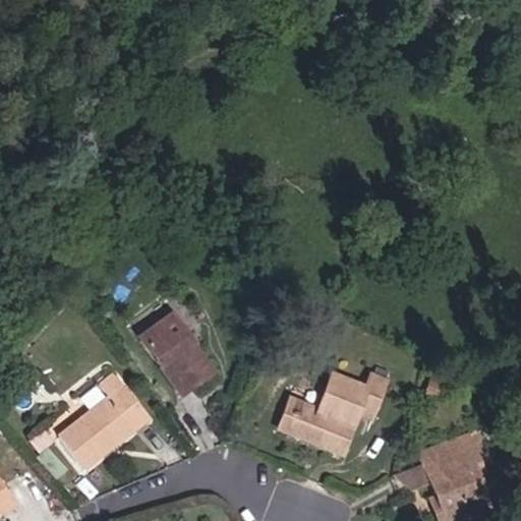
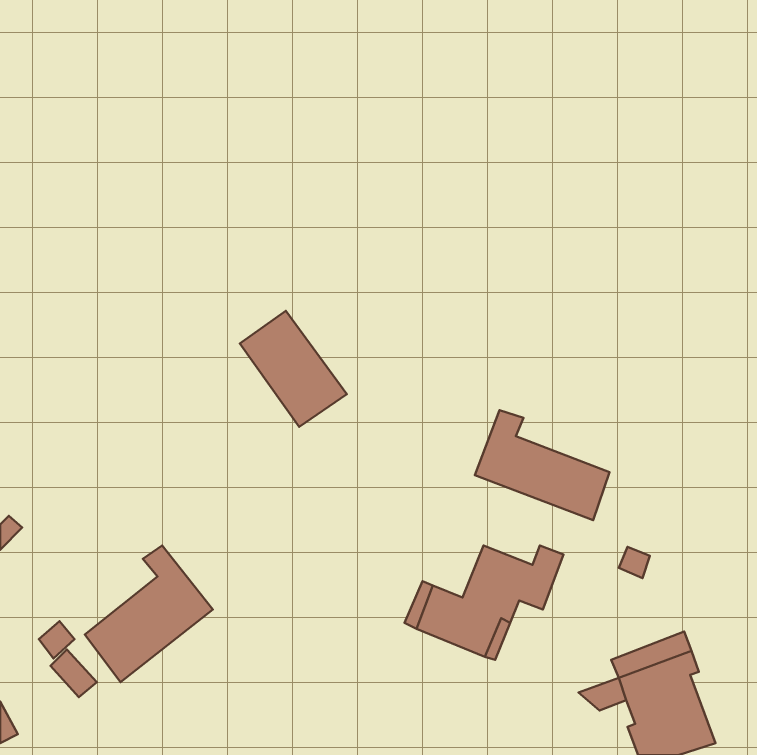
building: none -> [475,410,610,520]
building: [140,313,214,393] -> [240,311,347,427]

